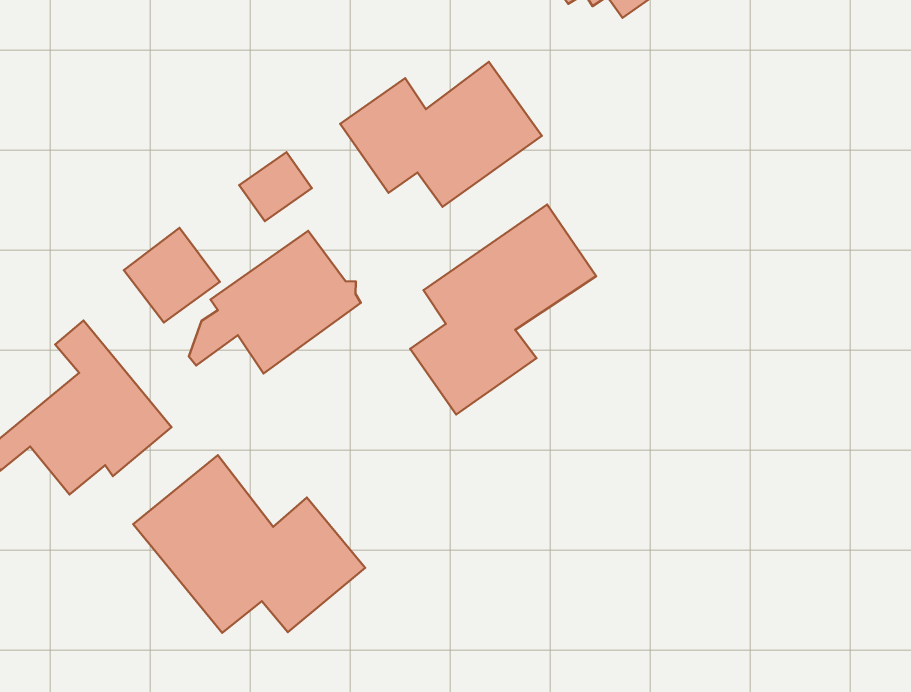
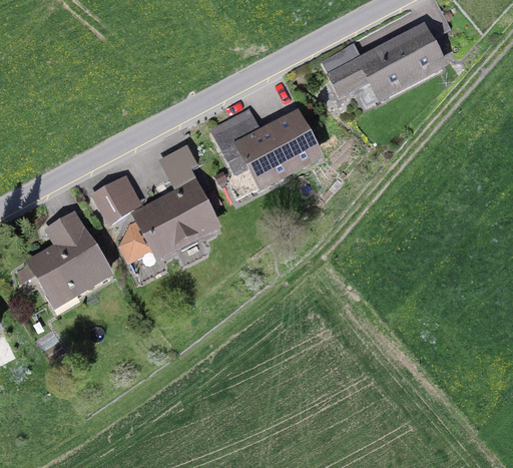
building: [410,204,596,414] -> none
building: [133,455,365,633] -> none

